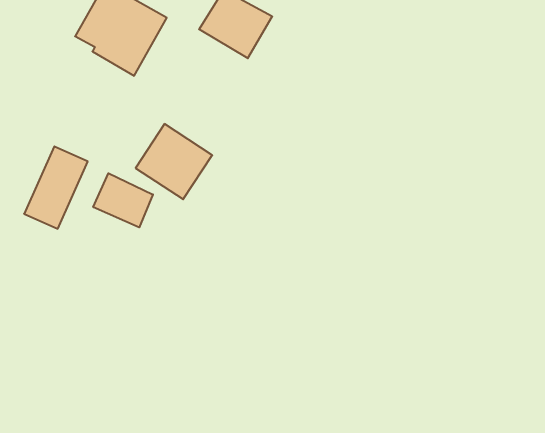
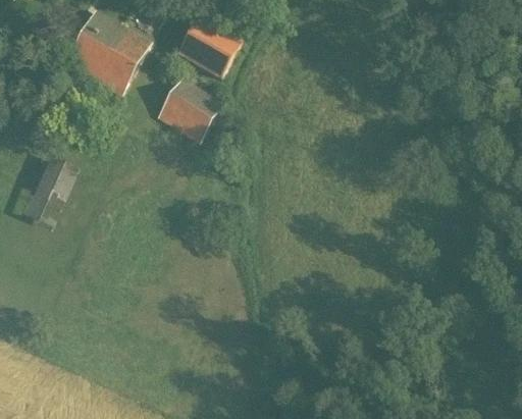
building: [136,124,212,199] -> [155,75,222,142]
building: [93,173,153,227] -> none

